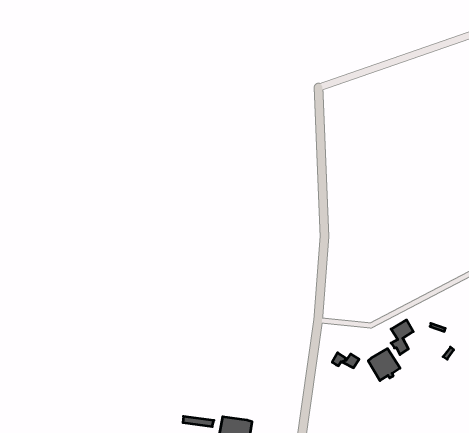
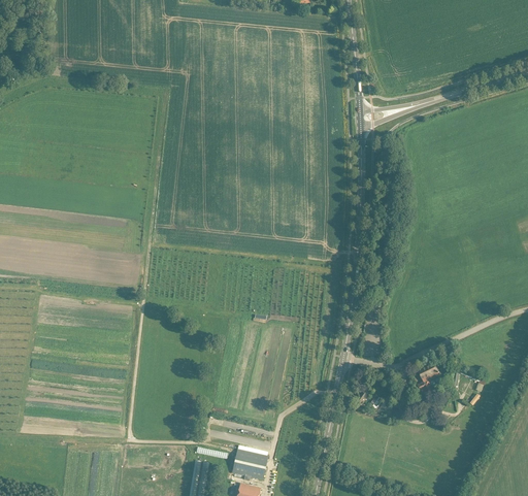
building: [368,349,400,381] -> none

